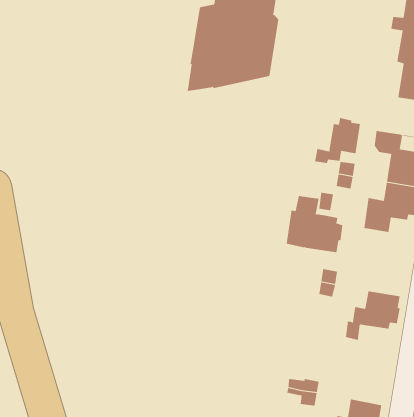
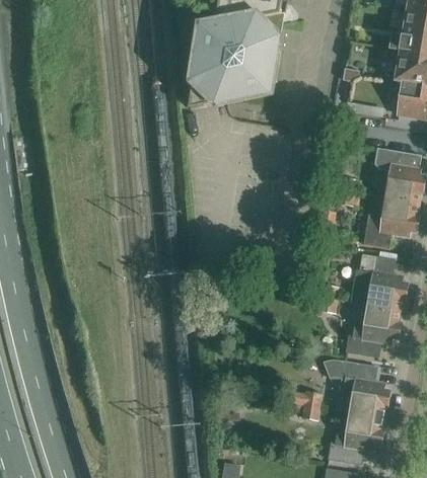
building: [314,117,361,164] -> none
building: [286,195,343,253] -> [350,253,407,310]
building: none -> [323,361,389,417]

